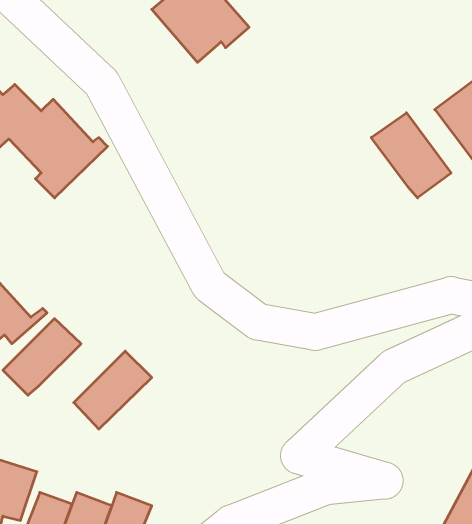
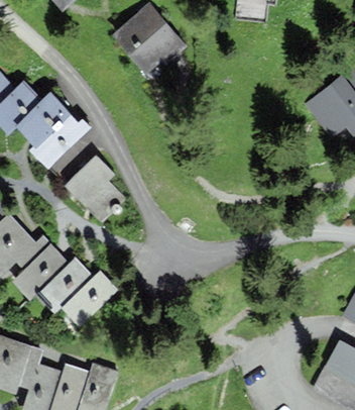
building: [371,113,451,198] -> none
building: none -> [68,160,122,220]
building: none -> [38,258,91,311]

